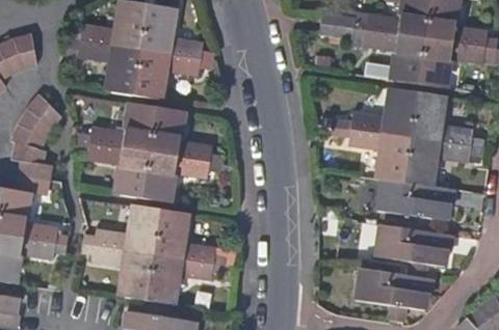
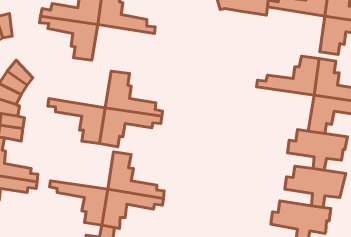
building: [352,27,425,83] -> none
building: [134,49,212,98] -> none
building: [80,104,158,153] -> none
building: [338,127,412,182] -> none
building: [82,204,161,254] -> none

